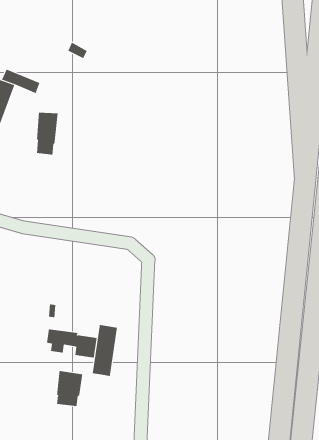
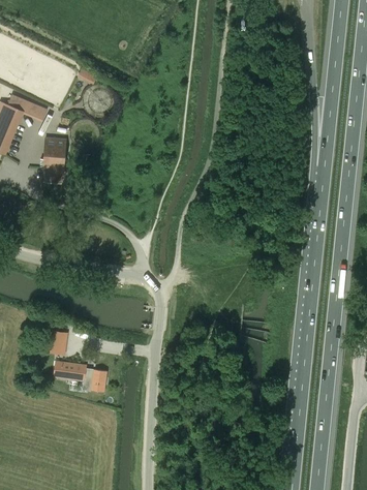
building: [92,324,118,377] -> none
building: [56,370,83,407] -> none

